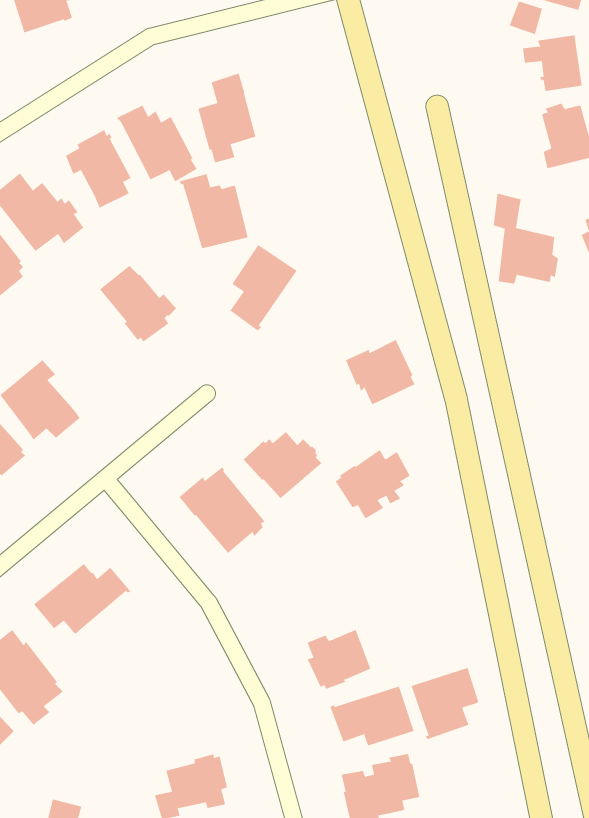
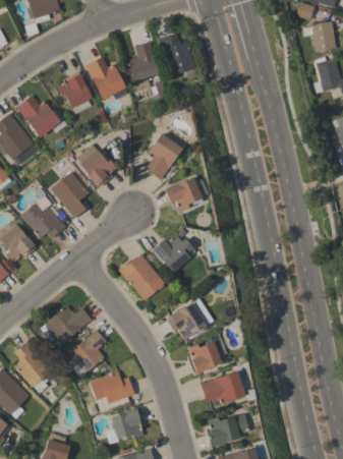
building: [179,173,249,249] -> [158,35,195,75]
building: [493,193,559,285] -> none
building: none -> [51,166,89,219]
building: [345,339,415,405] -> [165,177,203,213]
building: [335,449,410,519] -> [167,302,208,340]
building: none -> [69,329,107,377]
building: [411,667,479,740] -> none
building: none -> [90,370,135,412]

